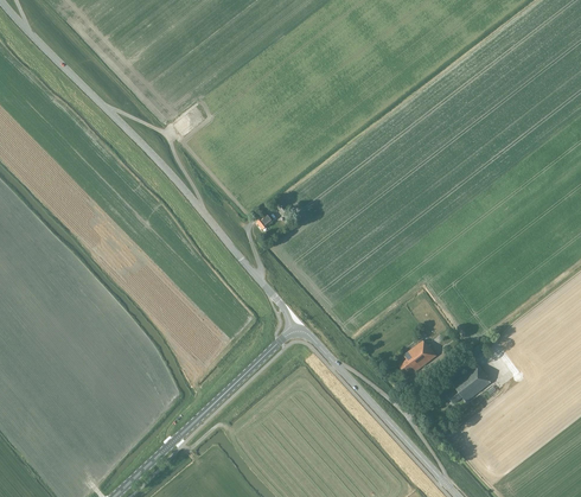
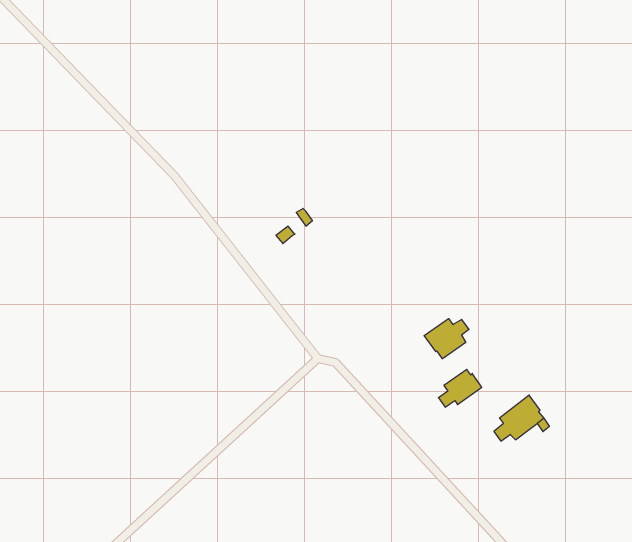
building: none -> [424,319,469,359]

